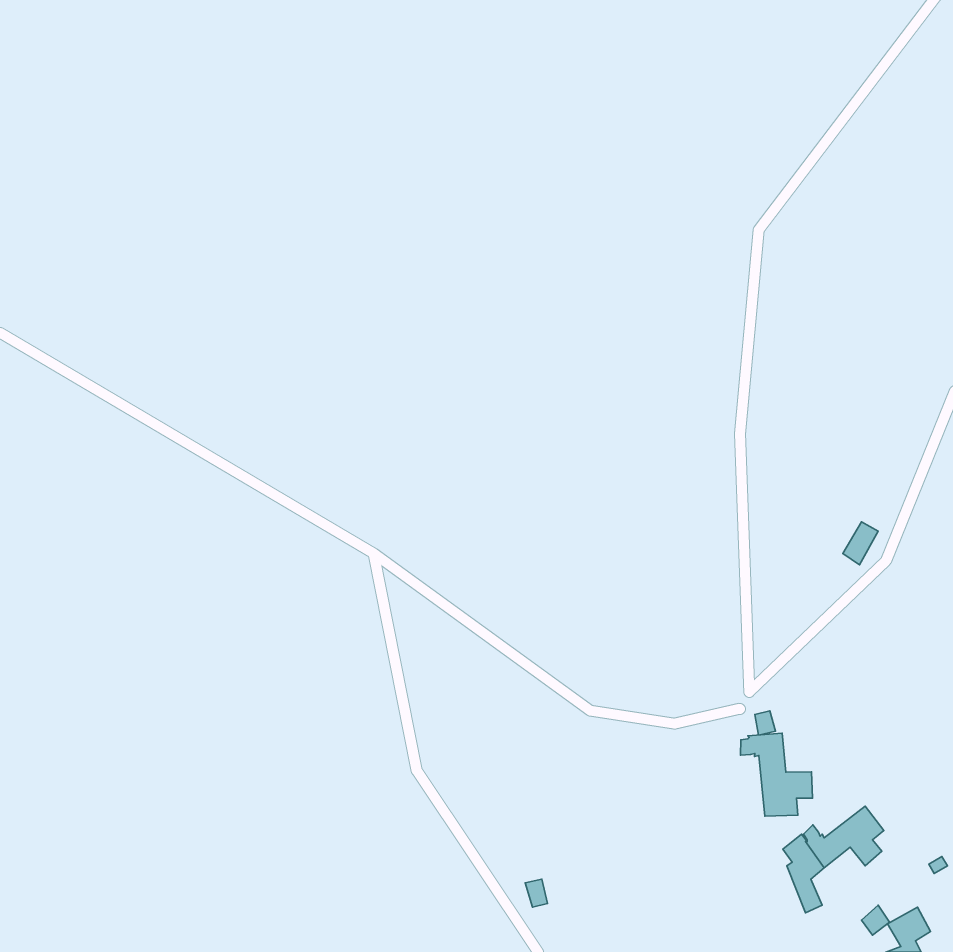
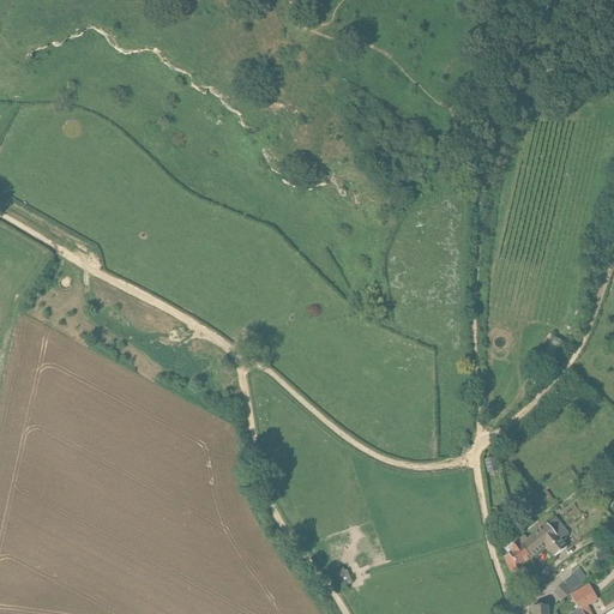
building: [740,733,812,816] -> none

